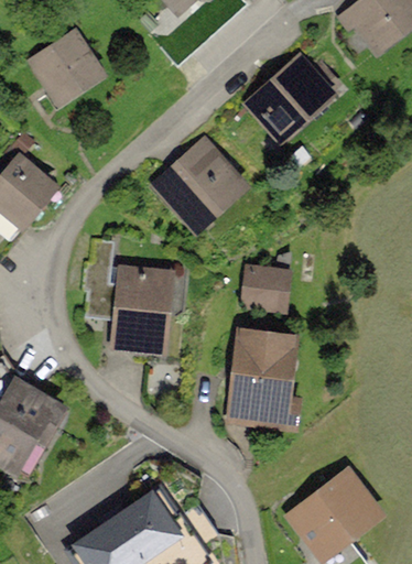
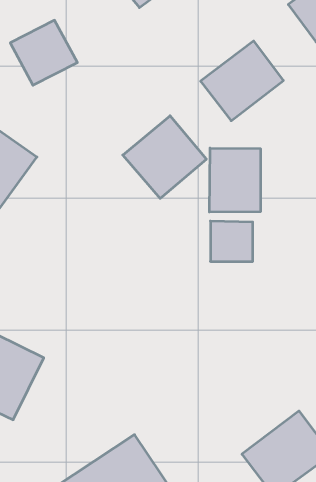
building: none -> [209,148,260,212]
building: [112,268,173,357] -> none
building: [225,329,295,429] -> none

